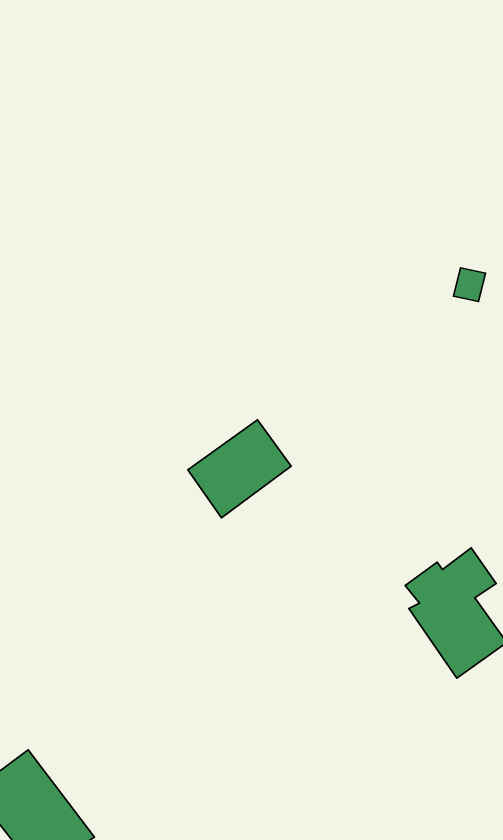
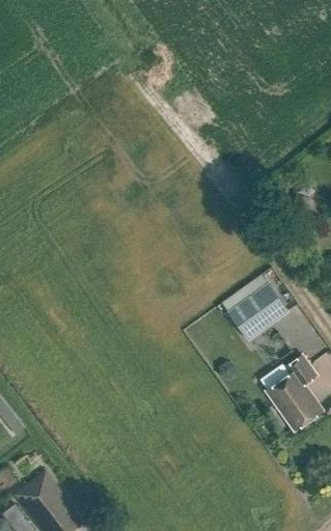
building: [188,420,291,518] -> [227,283,287,340]

